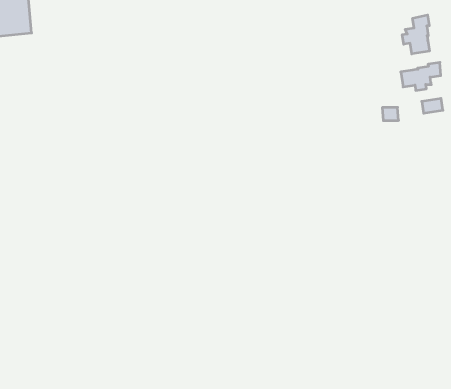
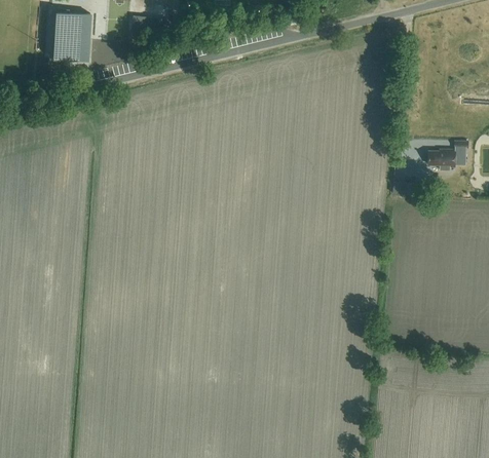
building: [402,15,429,54] -> none

